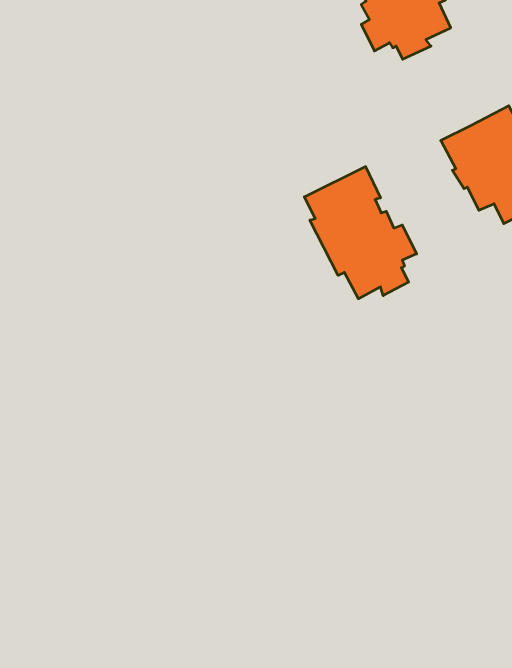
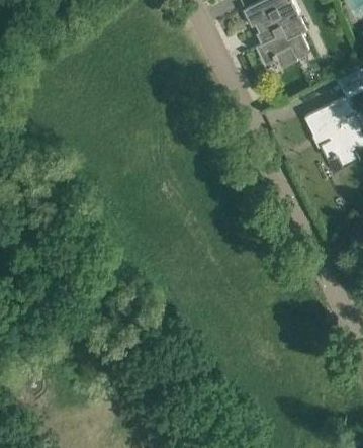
building: [304,167,417,299] -> none

